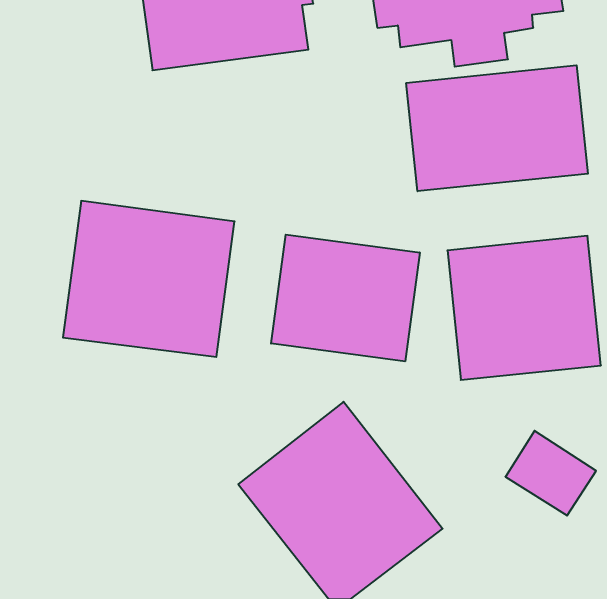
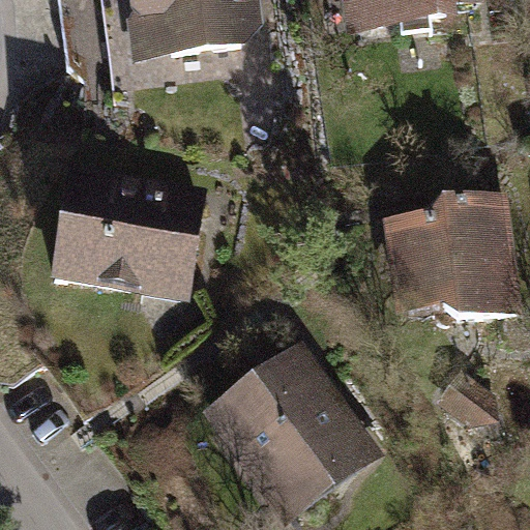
building: [406,65,588,191] -> none
building: [271,235,420,361] -> none

